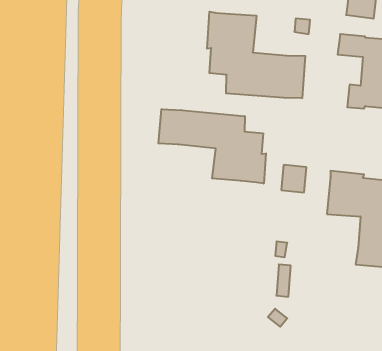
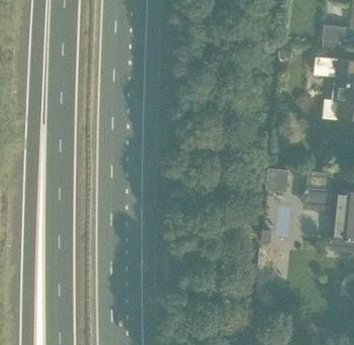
building: [207,12,305,98] -> none
building: [158,109,266,184] -> none

